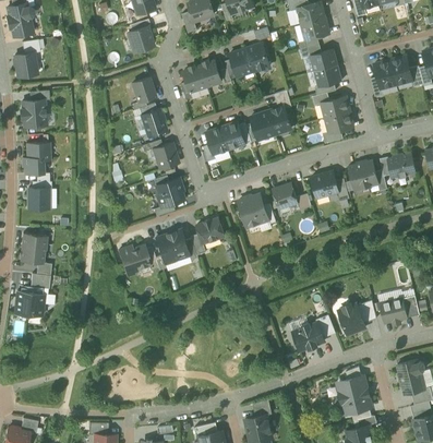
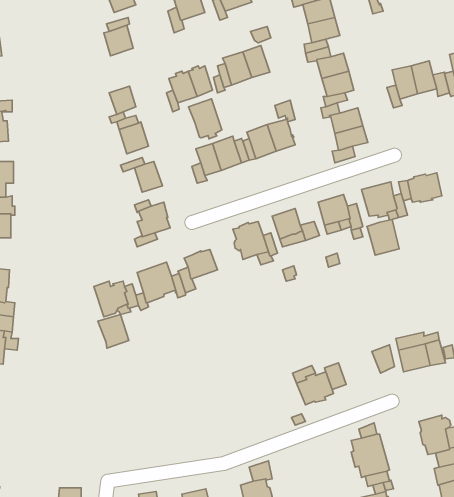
building: none -> [188,99,222,139]
building: none -> [367,220,399,255]
building: none -> [98,314,129,348]
building: [338,303,365,335] -> none

